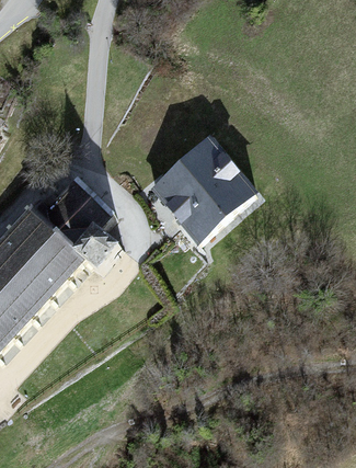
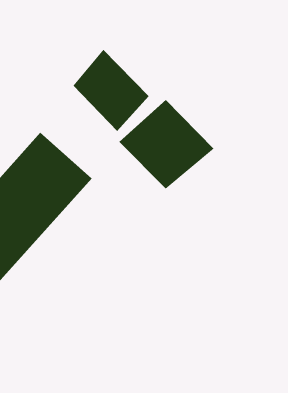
building: none -> [73,49,150,132]

